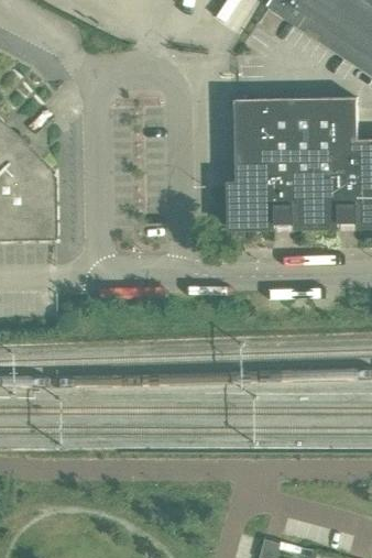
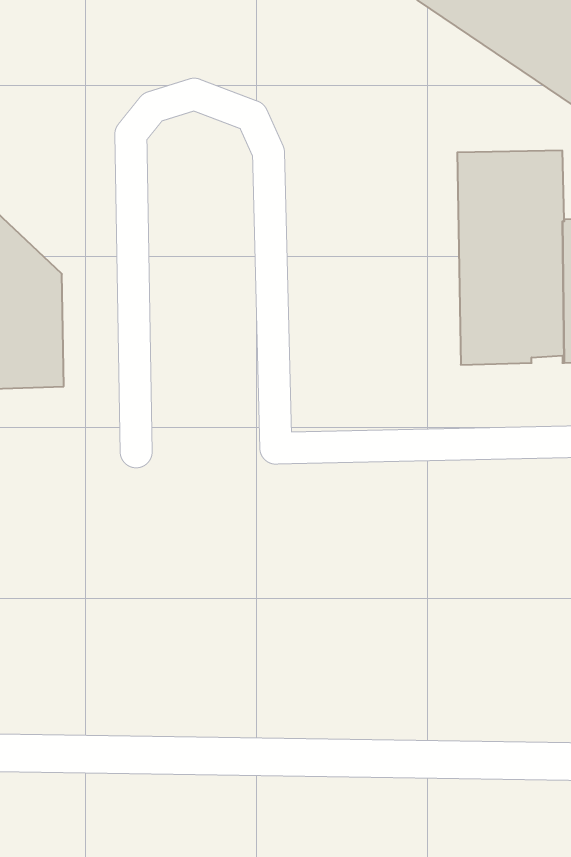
building: [229,97,295,227] -> none

